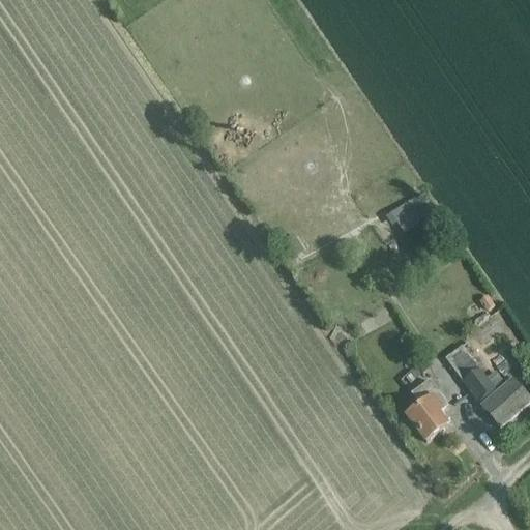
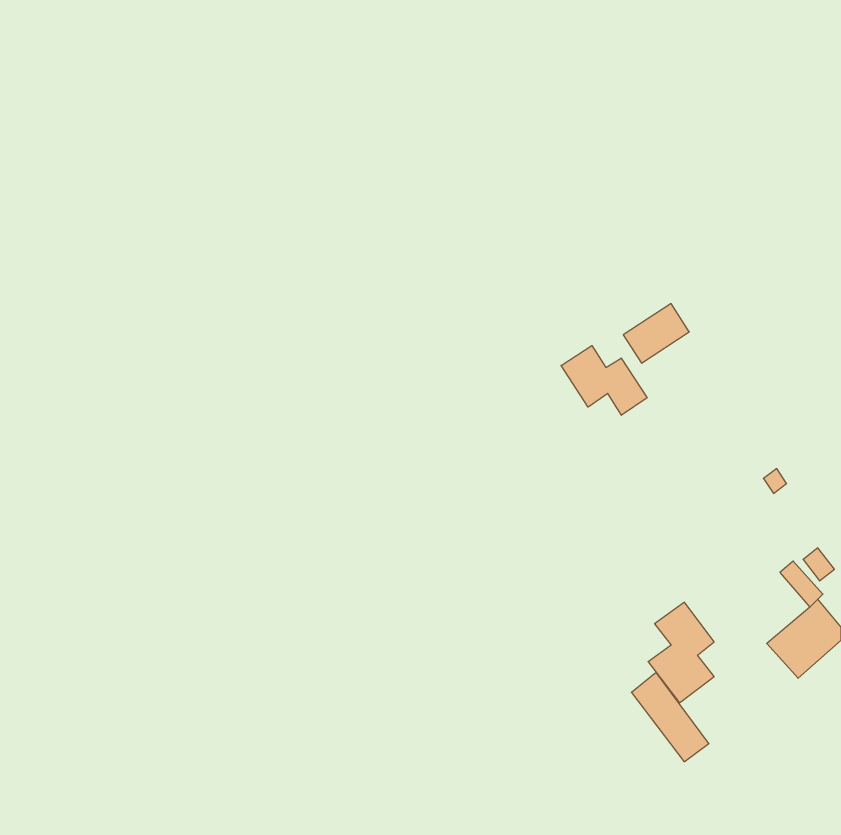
building: none -> [561,346,647,415]
building: [445,344,494,400] -> [631,673,709,762]

